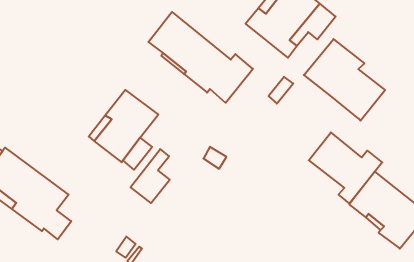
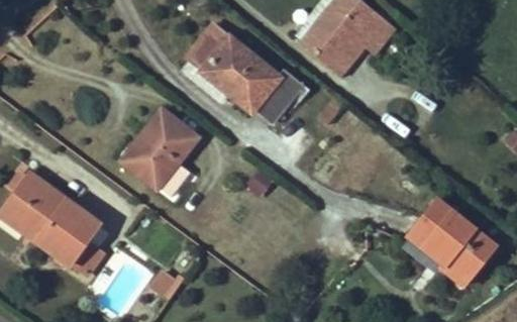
building: [304,39,385,121] -> none
building: [309,132,382,204] -> none
building: [131,149,170,203] -> none

